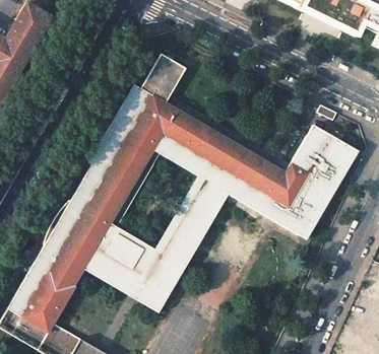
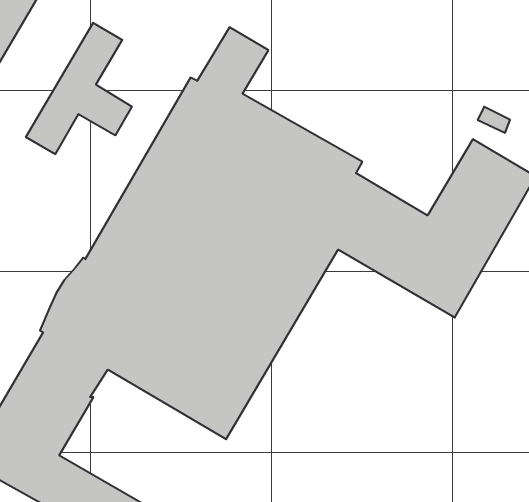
building: none -> [26,23,132,154]

